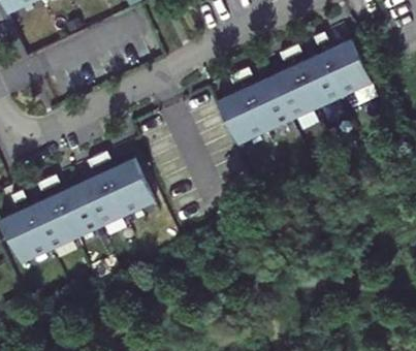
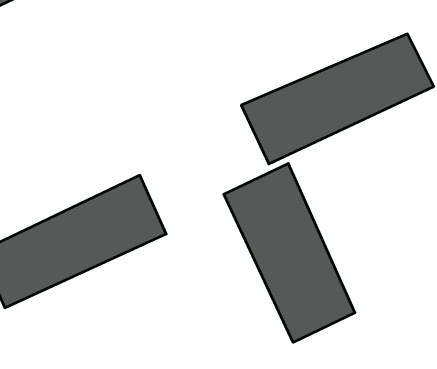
building: none -> [224,163,355,342]

